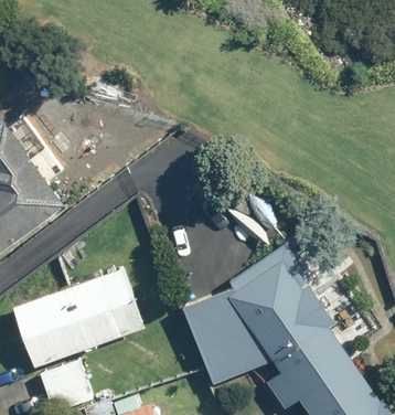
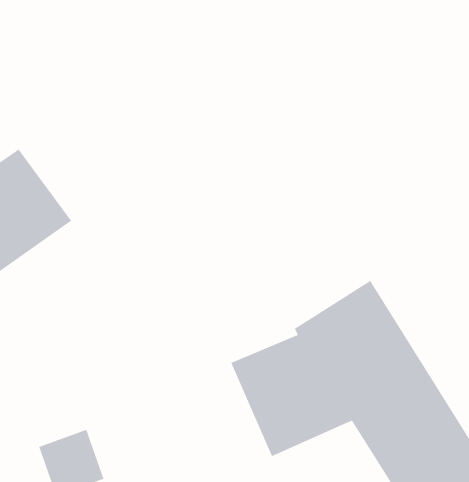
building: [17,274,139,365] -> none

